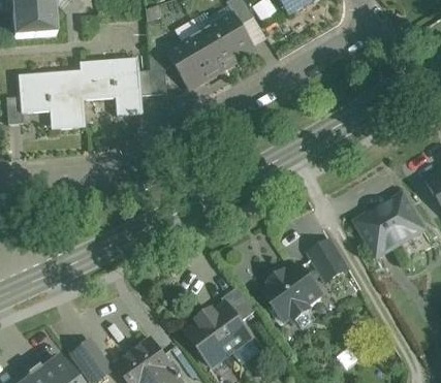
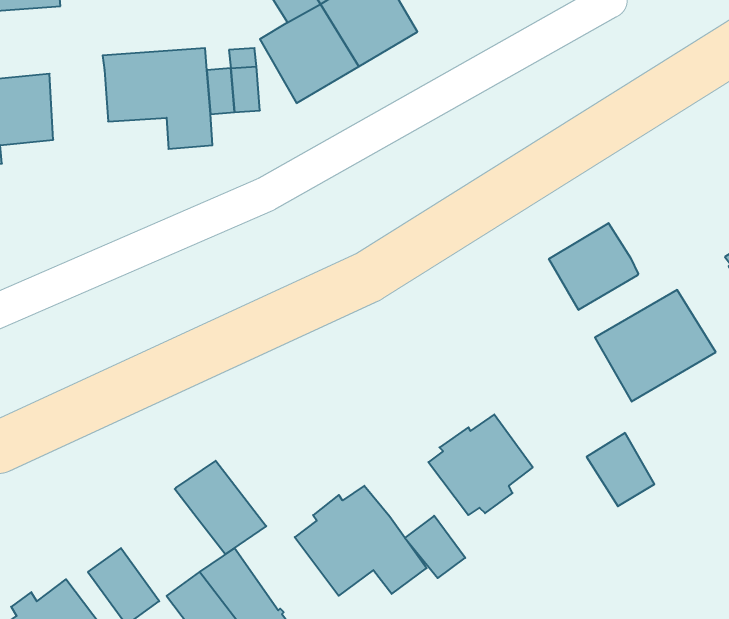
building: [49,70,84,128] -> none
building: none -> [549,223,638,310]
building: [309,240,347,281] -> [587,433,654,506]
building: [222,287,256,322] -> [405,516,465,578]
building: none -> [175,461,266,554]

